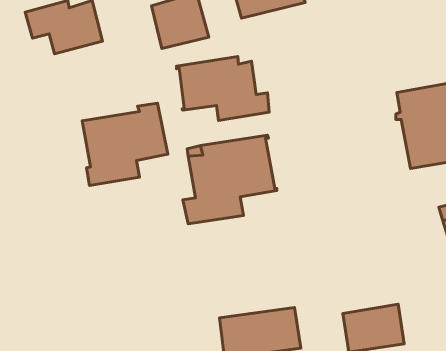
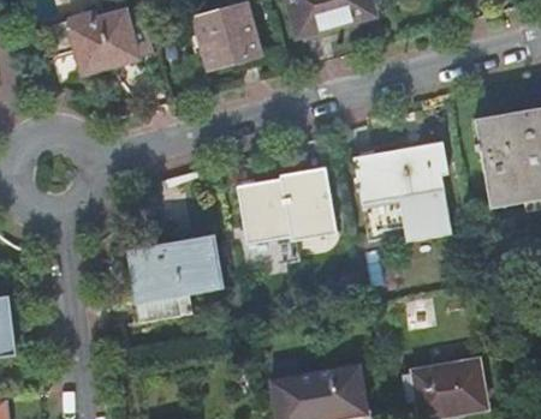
building: [177,57,269,120] -> none
building: [82,103,168,186] -> [126,226,225,321]
building: none -> [352,145,450,241]

